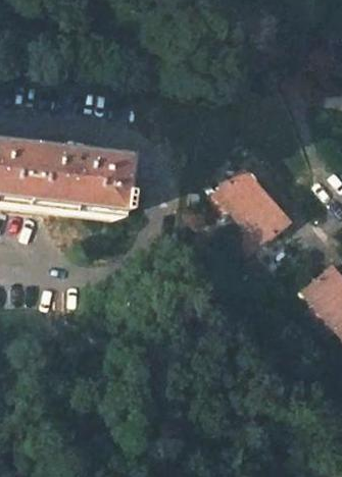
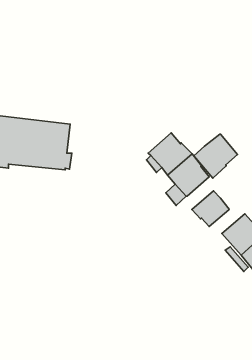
building: none -> [194,134,238,178]
building: none -> [192,191,229,227]

